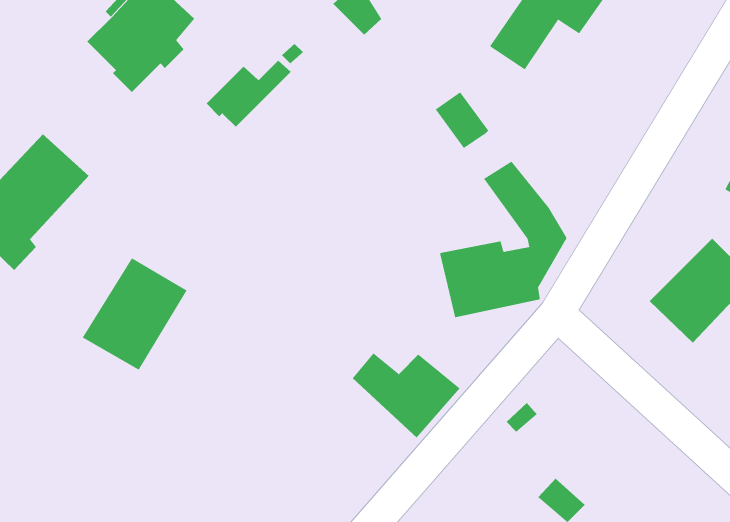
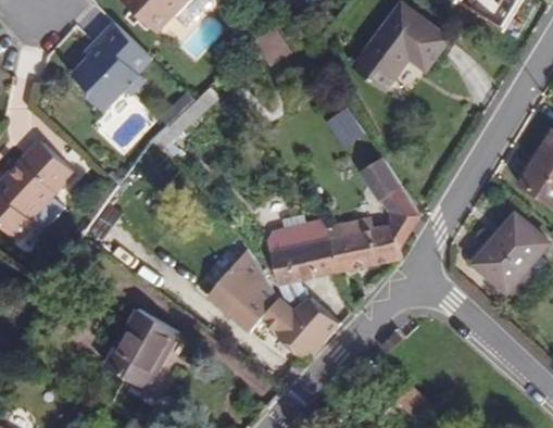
building: none -> [264,219,336,286]
building: [82,257,187,371] -> [106,311,183,392]
building: none -> [203,250,277,332]

